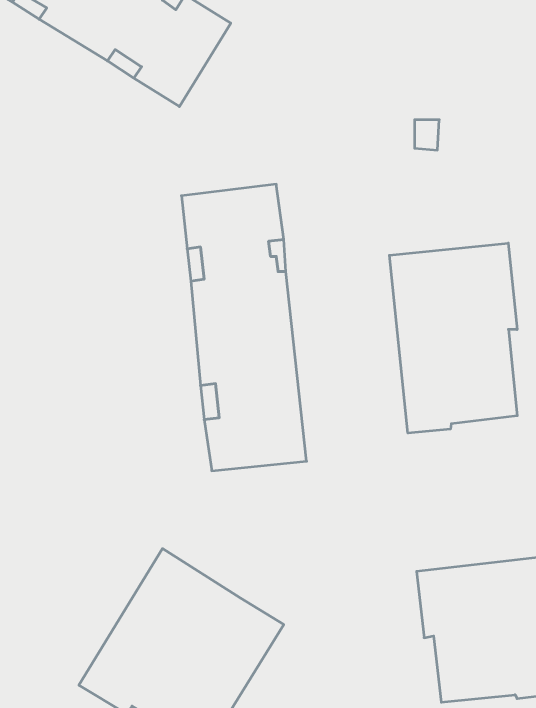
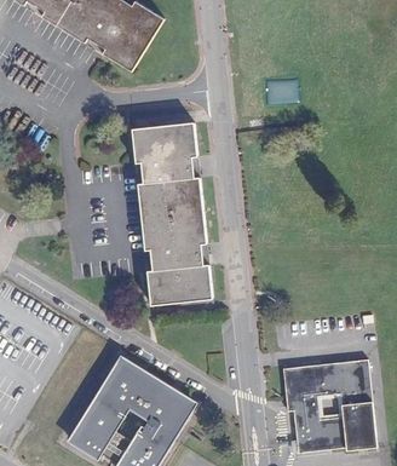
building: [389,243,517,433] -> none

